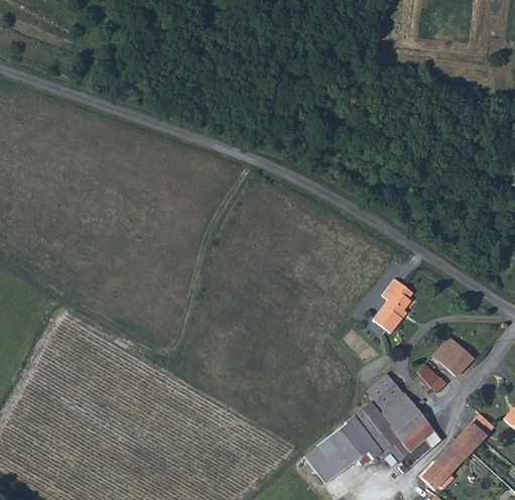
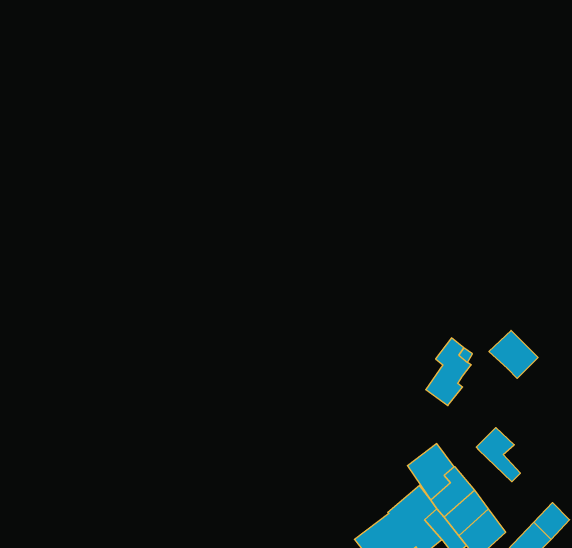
building: [432,336,473,375] -> [489,330,538,378]

